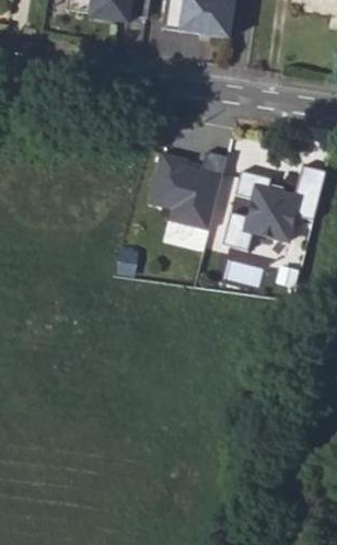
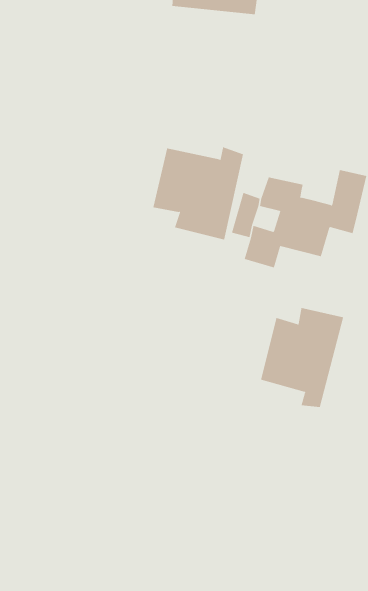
building: none -> [261,307,344,408]

